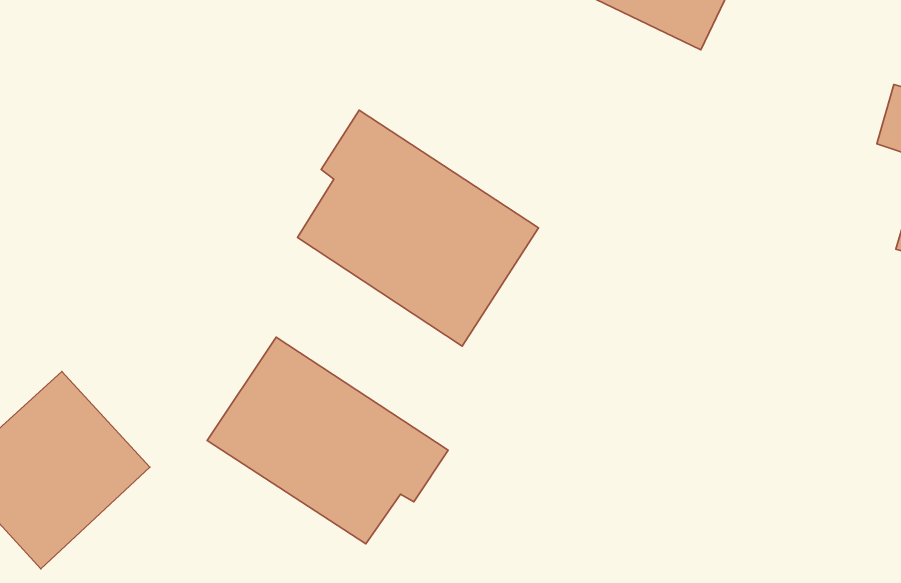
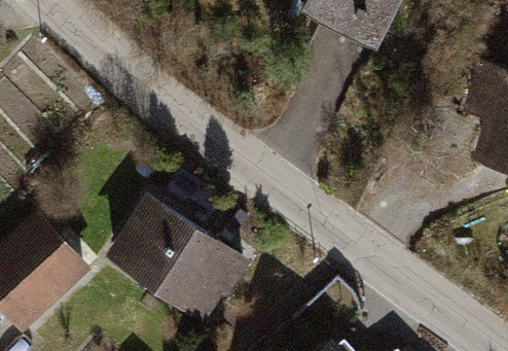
building: [298,110,539,346] -> none

